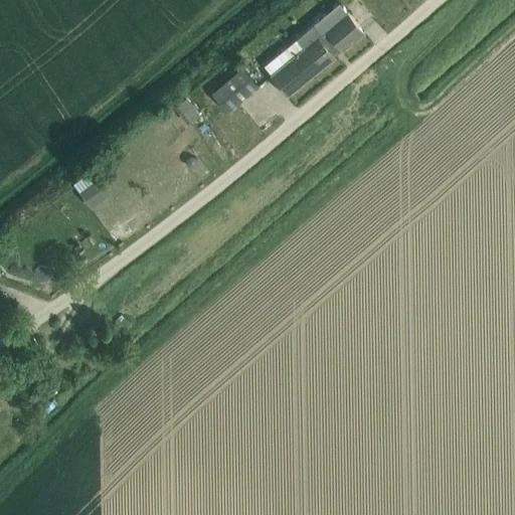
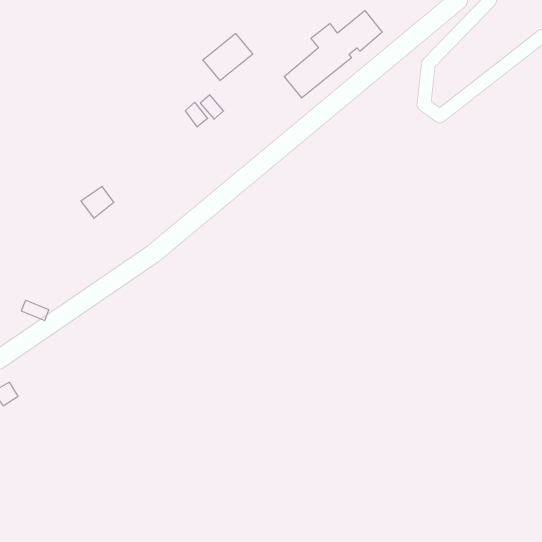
building: [209,68,256,113] -> [203,34,253,80]

